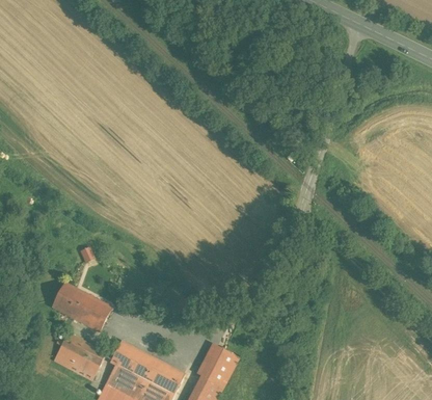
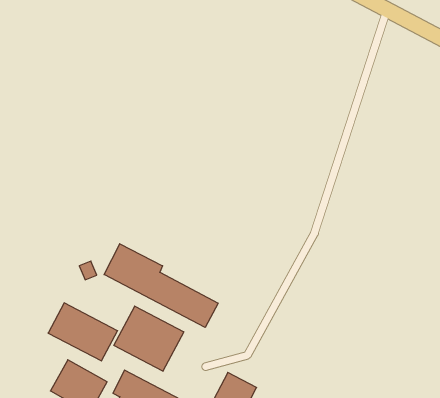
building: none -> [104,244,218,327]
building: none -> [114,306,184,371]

